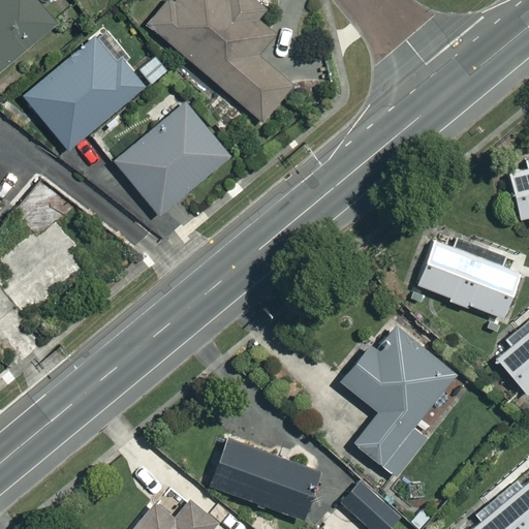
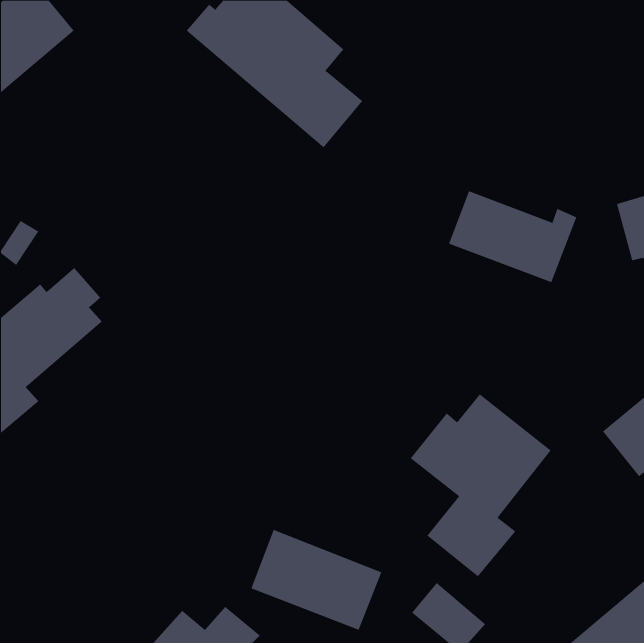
building: [30,38,150,154] -> none
building: [121,106,230,213] -> none
building: [414,240,520,315] -> [448,191,577,283]

